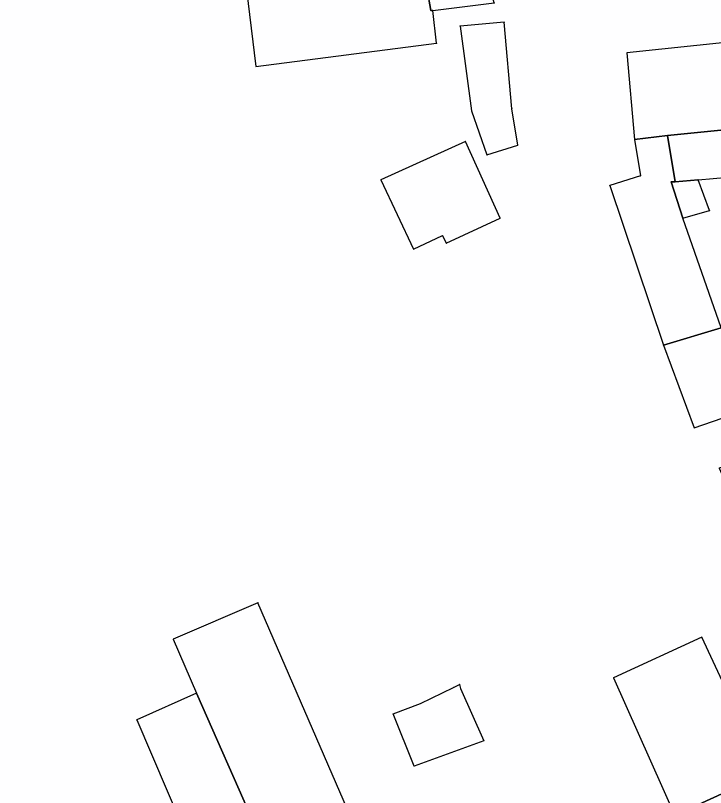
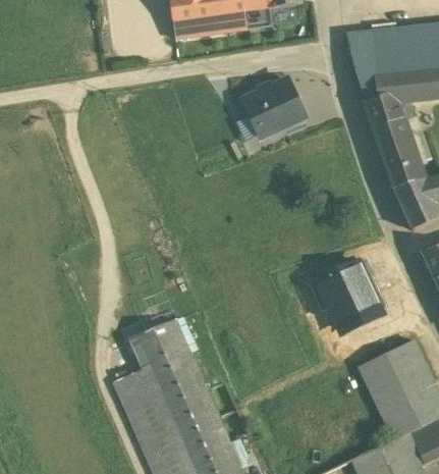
building: [460,22,518,155] -> [349,30,380,100]
building: none -> [310,257,385,326]
building: [393,684,484,766] -> none

